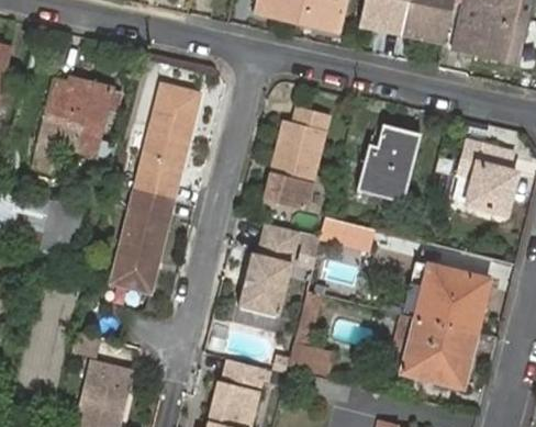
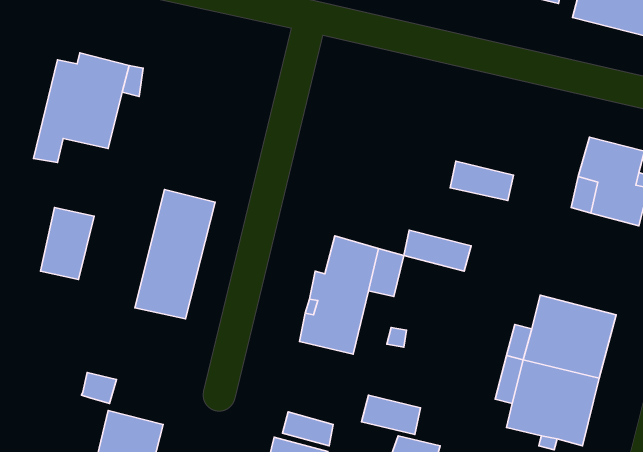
building: [135,76,202,194] -> none
building: [266,103,331,207] -> none
building: [362,125,416,173] -> none

